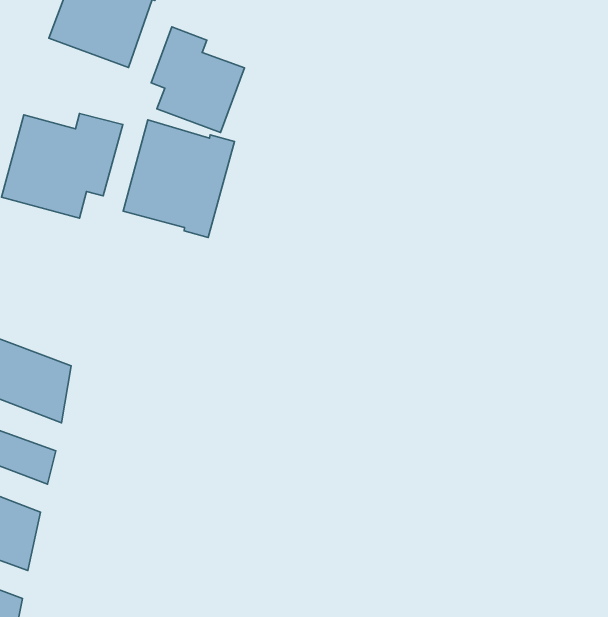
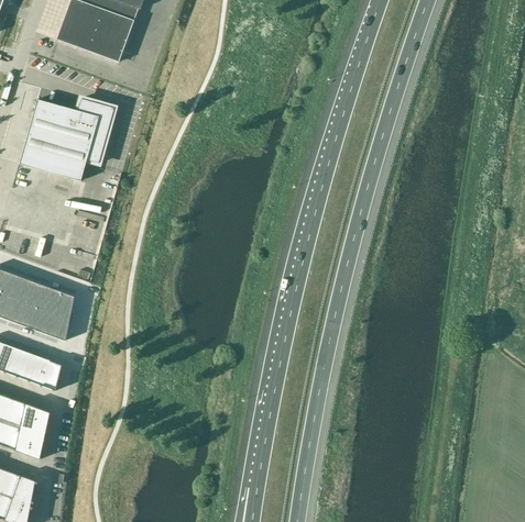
building: [151,27,244,132] -> none
building: [123,120,234,237] -> none

